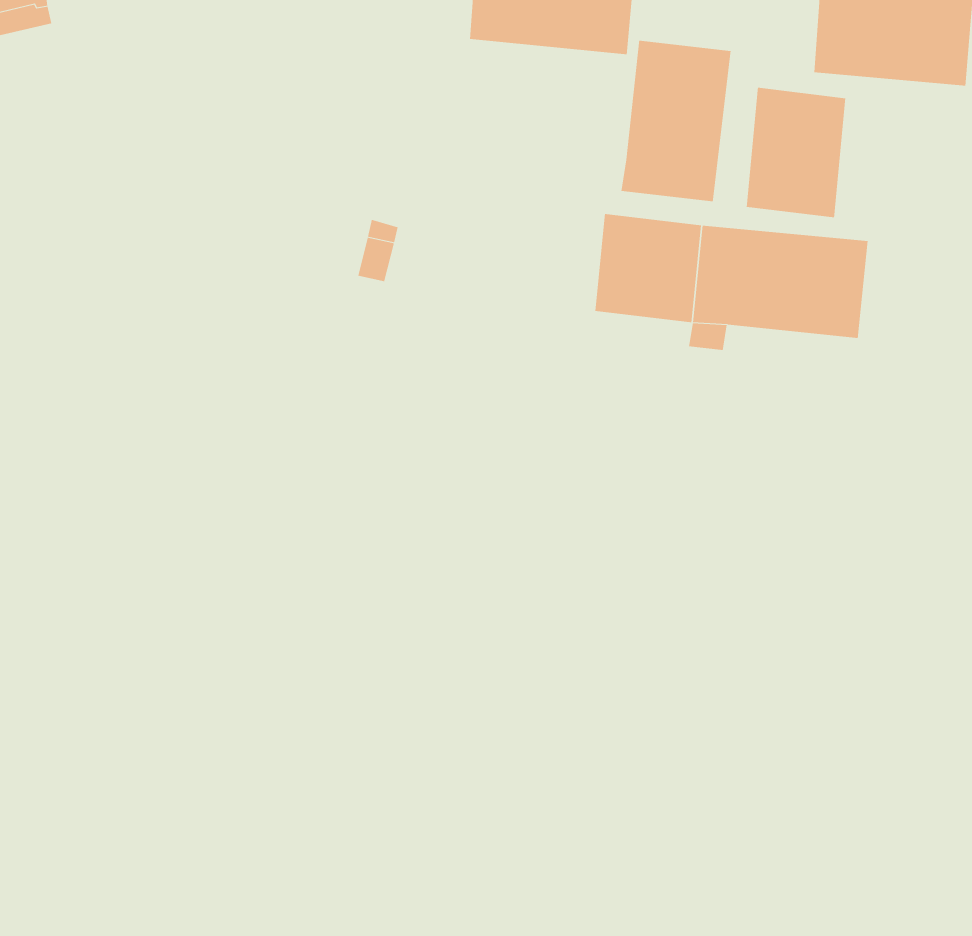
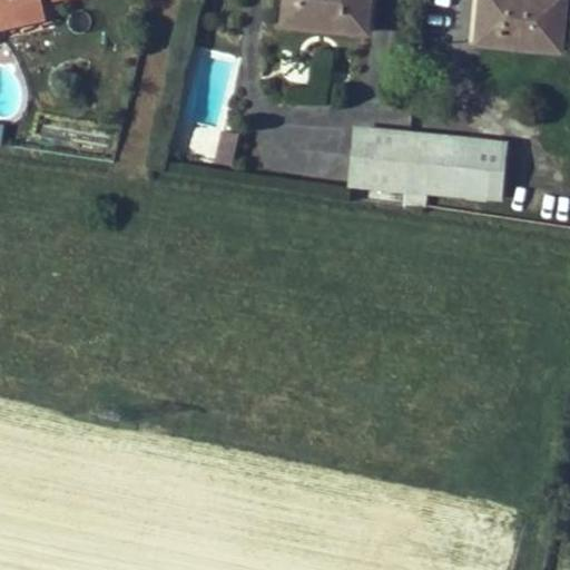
building: [621,40,731,202] -> none
building: [746,87,846,218] -> none

